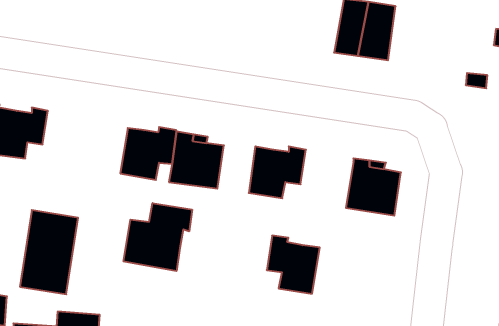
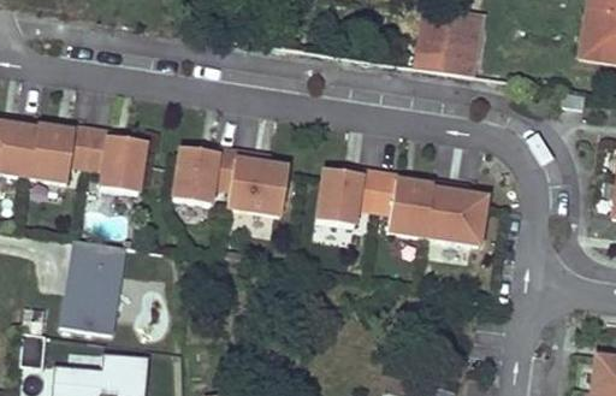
building: none -> [88,130,147,194]
building: [124,203,192,271] -> none
building: [267,236,320,294] -> [375,173,434,238]

